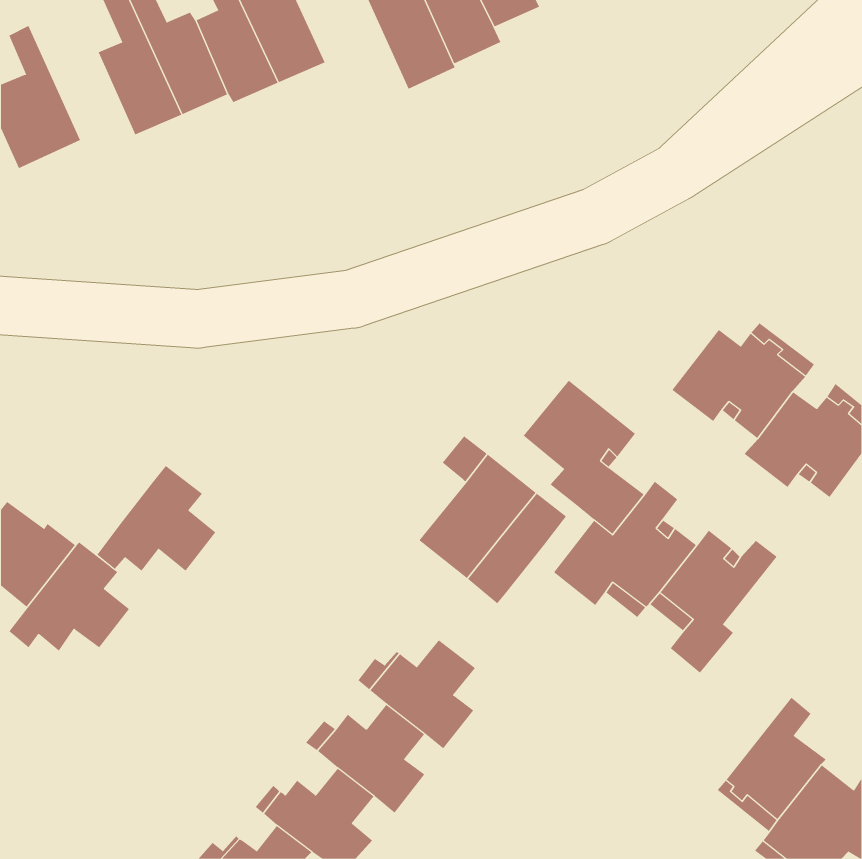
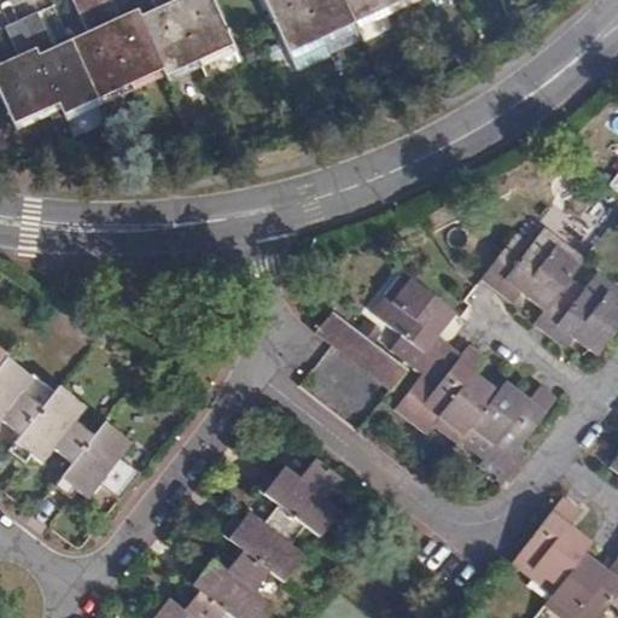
building: none -> [21,11,97,112]
building: [96,465,216,571] -> [53,424,139,500]

